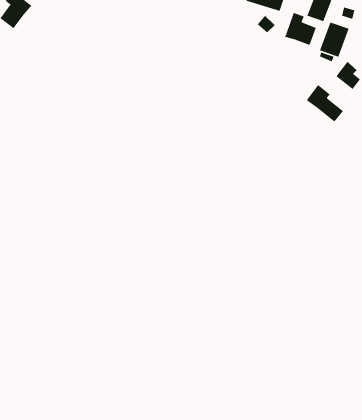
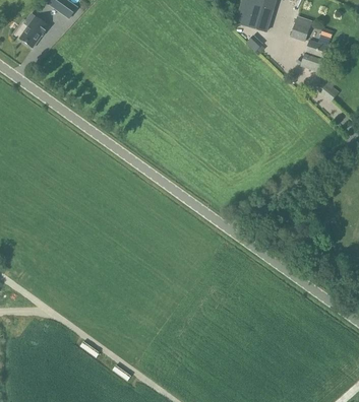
building: [284,12,317,45] -> none
building: [305,84,344,122] -> none

